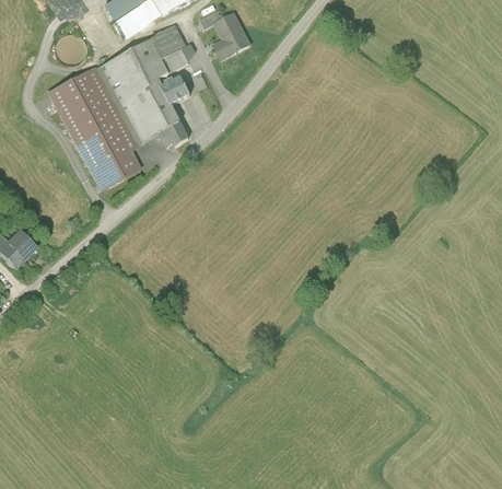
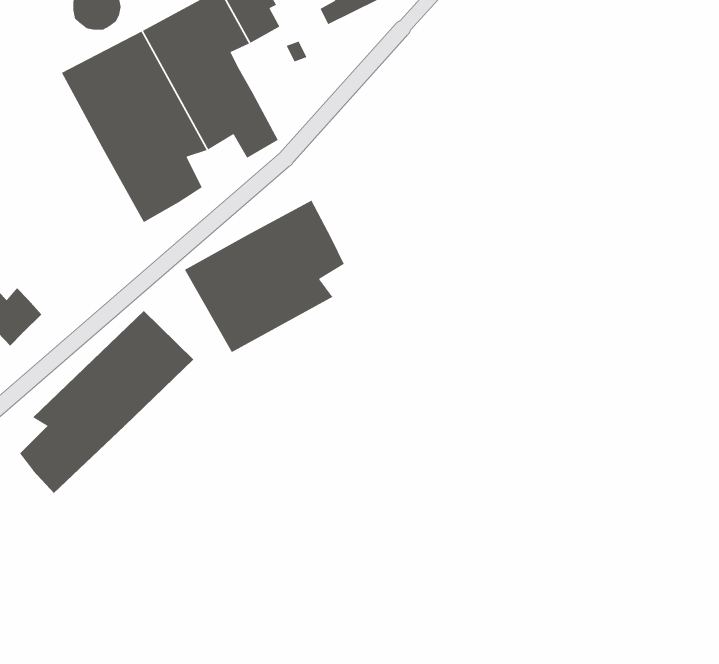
building: [162,77,191,105] -> none
building: none -> [184,199,345,353]
building: none -> [19,310,194,494]

